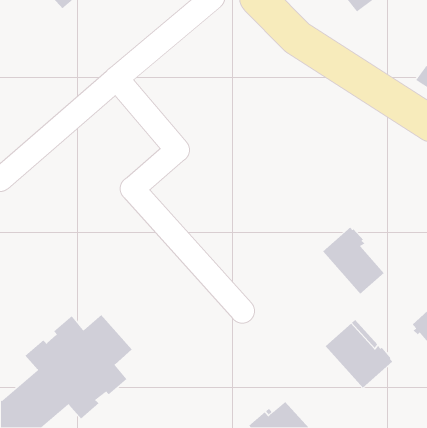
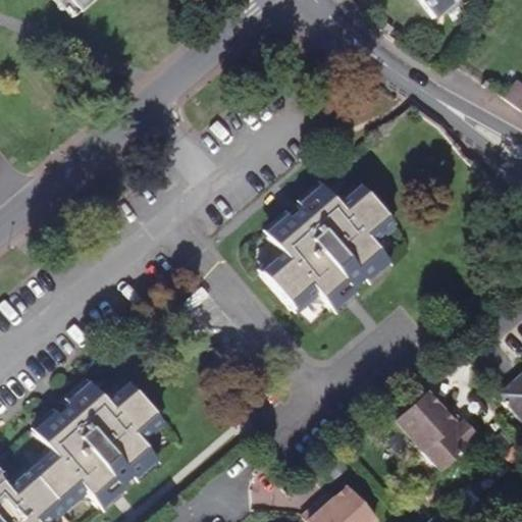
building: none -> [260,182,398,312]
building: [322,226,385,295] -> none

